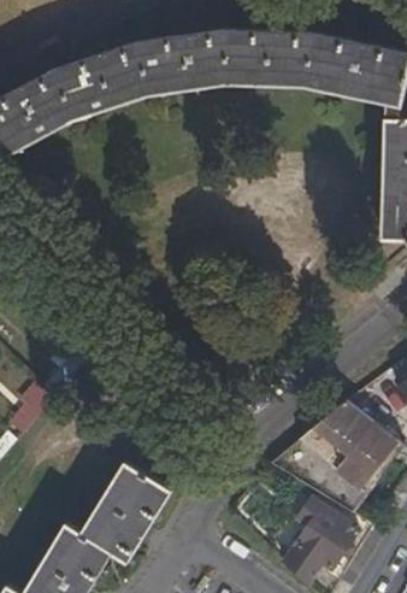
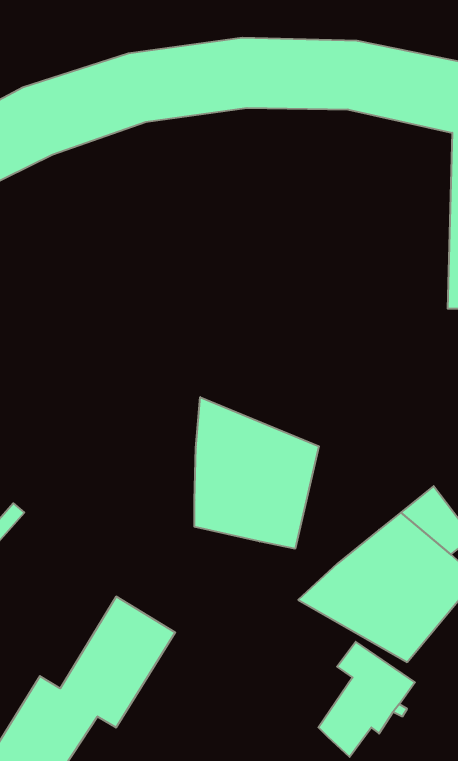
building: none -> [194,397,319,549]

